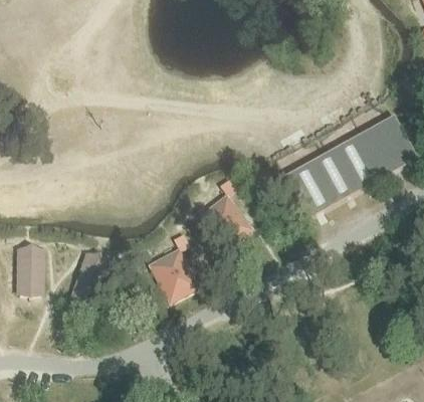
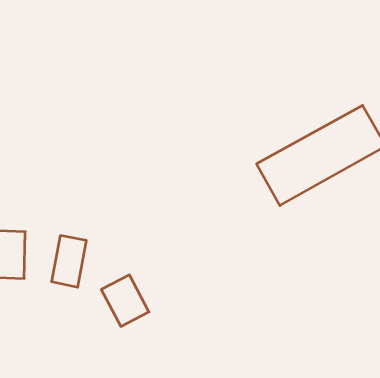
building: [201,194,253,248] -> none
building: [150,248,199,301] -> [101,275,149,326]

